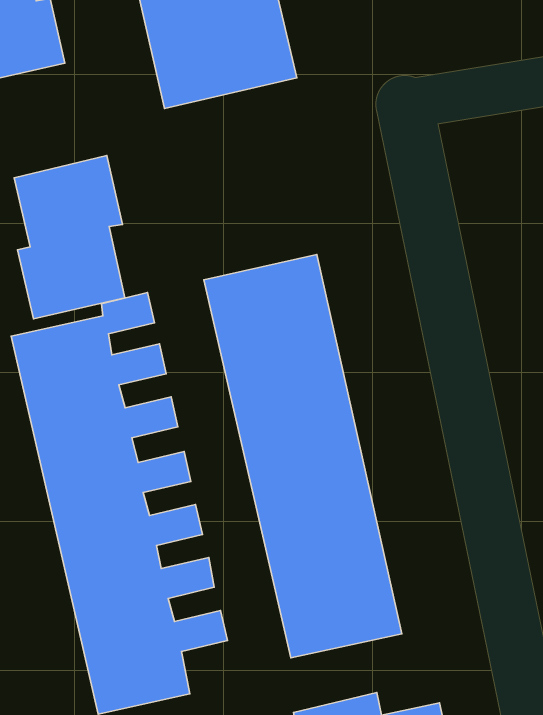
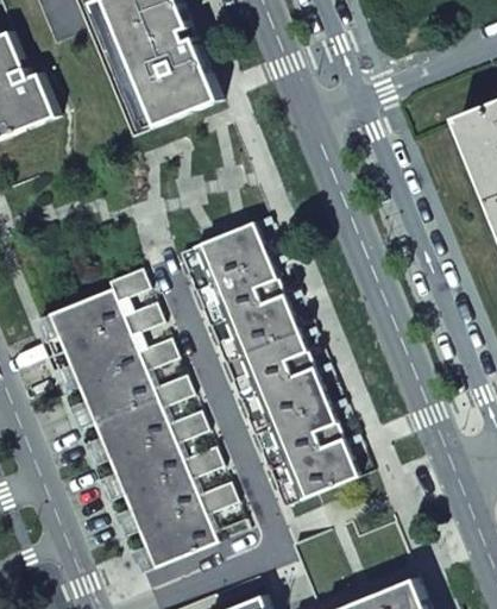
building: [14,156,125,319] -> none

